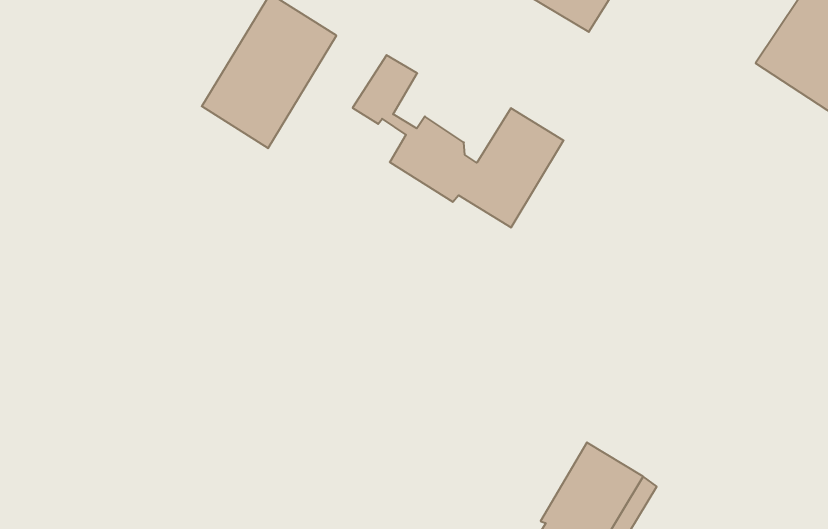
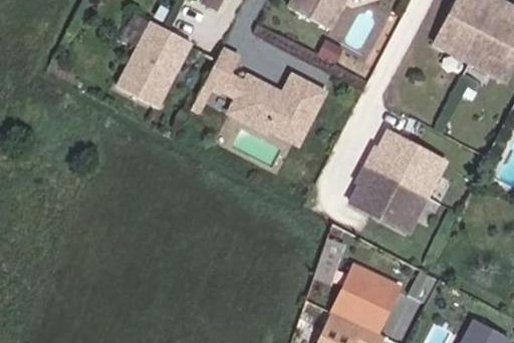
building: none -> [346,128,444,230]

